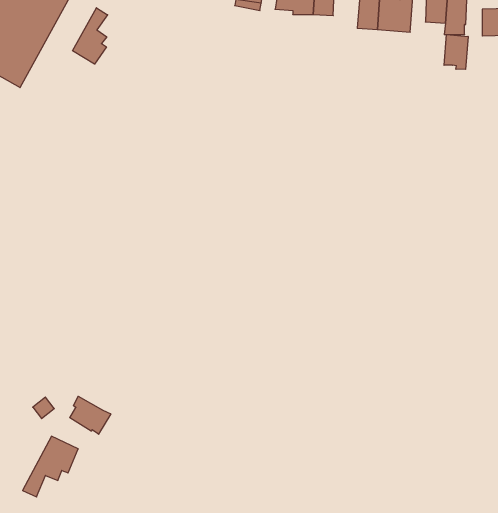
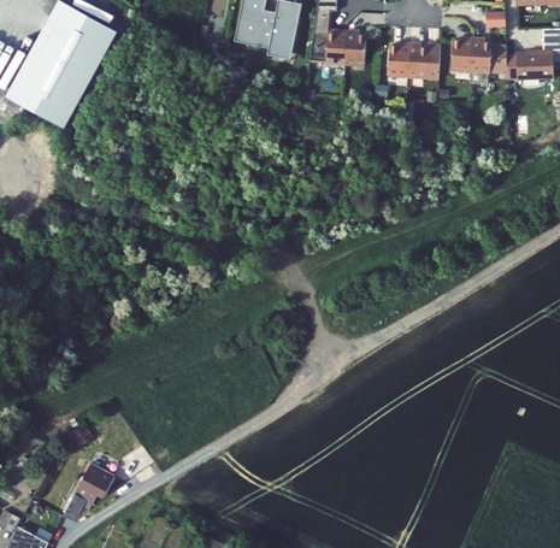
building: [73,8,108,64] -> none
building: [444,35,468,69] -> none
building: [70,396,111,434] -> none

